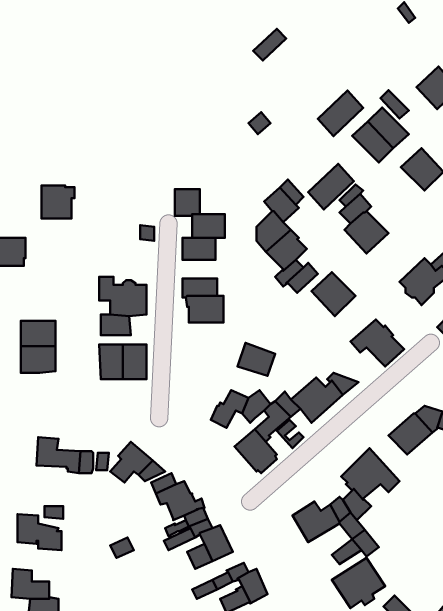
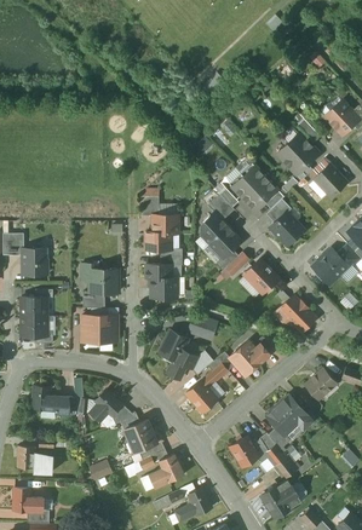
building: [318,91,363,136] -> [229,162,264,197]
building: [42,186,75,219] -> [22,248,47,273]
building: none -> [157,329,188,362]

